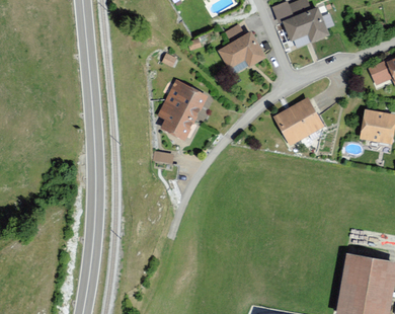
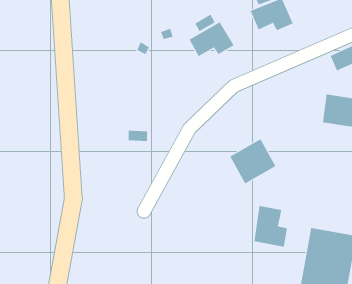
building: [158,80,209,142] -> none
building: [273,98,323,147] -> [229,138,276,184]
building: none -> [254,205,288,247]

